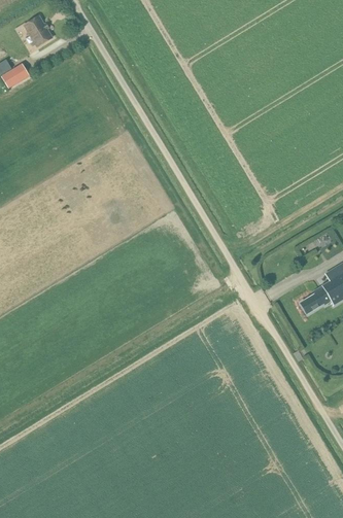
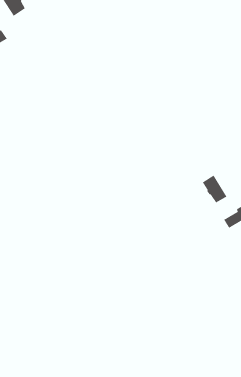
building: none -> [202,175,227,204]

